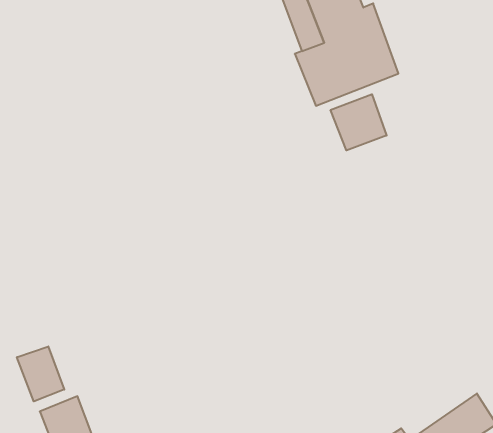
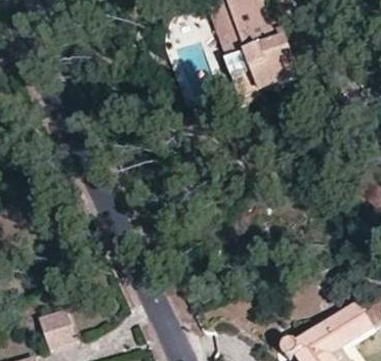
building: [331,94,387,150] -> none
building: [17,346,64,401] -> none

